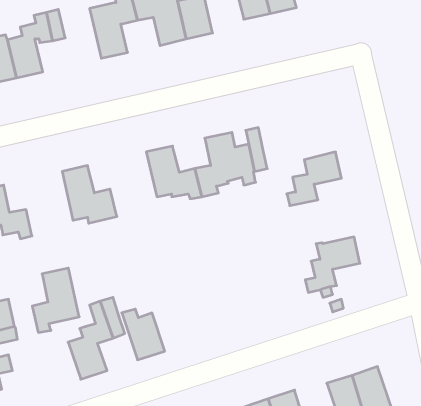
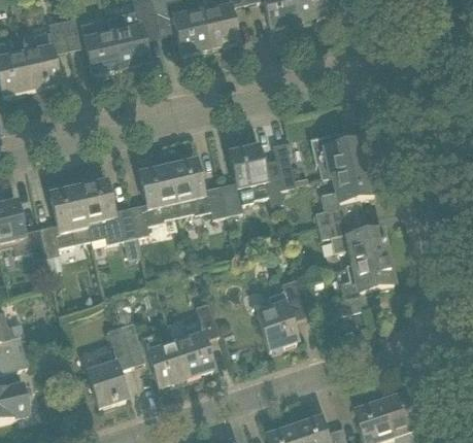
building: none -> [80,22,120,74]
building: none -> [309,130,367,178]
building: none -> [129,167,178,235]
building: none -> [318,217,386,264]
building: none -> [256,276,307,350]
building: [32,268,79,332] -> [40,188,90,255]
building: none -> [173,301,218,377]

